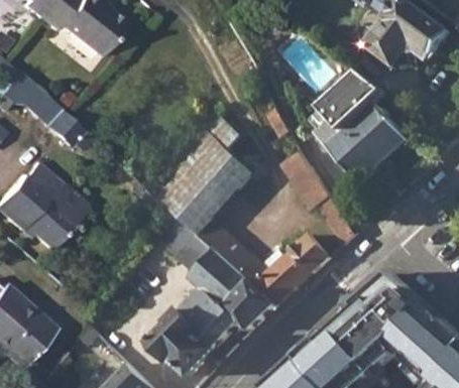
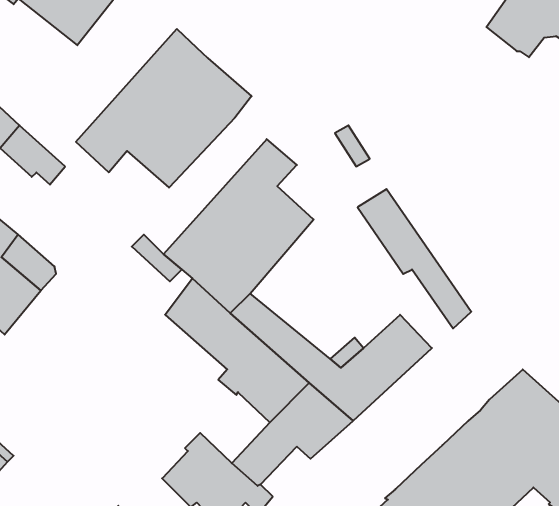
building: none -> [76,29,252,188]
building: [311,60,409,181] -> none
building: [178,285,224,333] -> none

